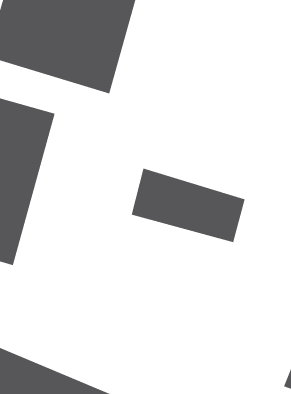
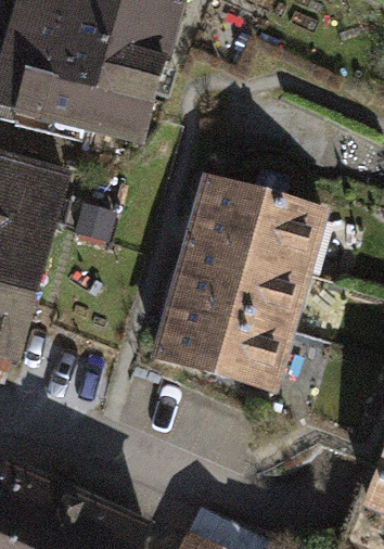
building: none -> [182,173,329,277]
building: none -> [152,296,295,396]

